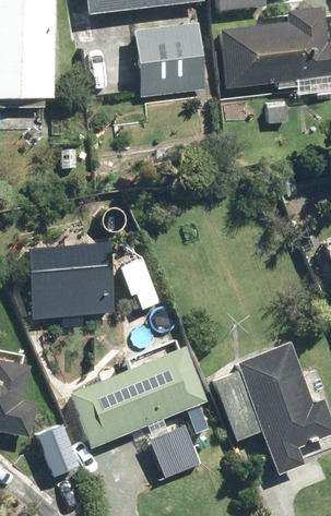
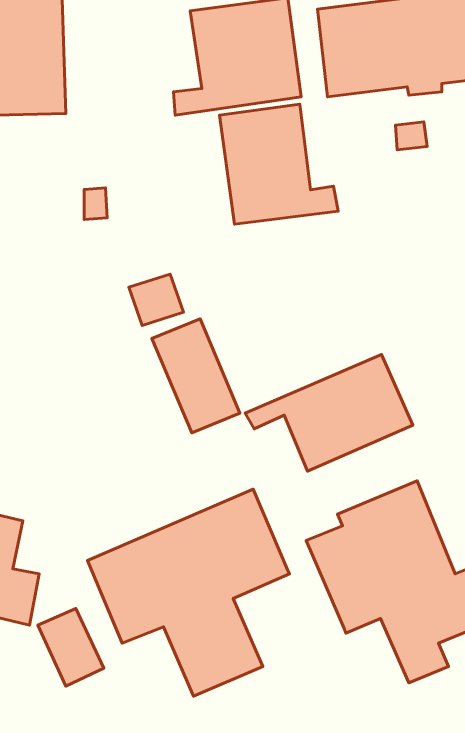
building: none -> [220,104,338,224]
building: [36,253,108,311] -> none
building: none -> [245,354,413,471]

